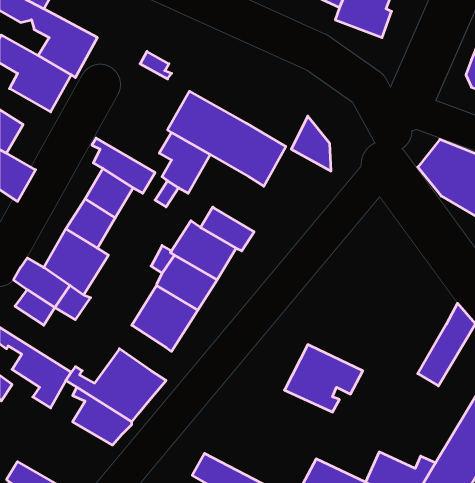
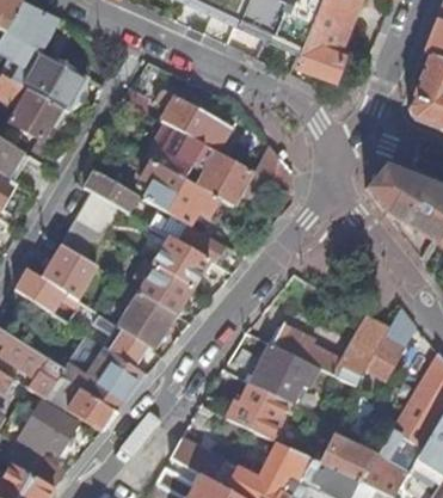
building: none -> [155,88,230,150]
building: none -> [167,178,220,225]
building: none -> [85,307,148,365]
building: none -> [273,313,392,385]
building: none -> [227,382,290,438]
building: none -> [21,400,79,457]

